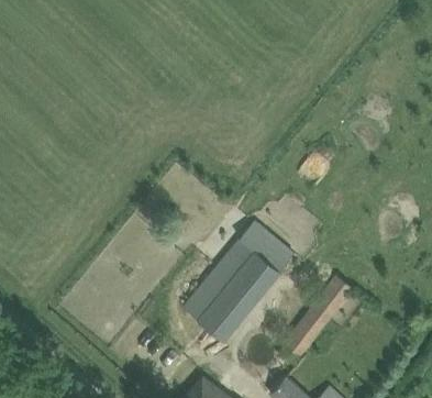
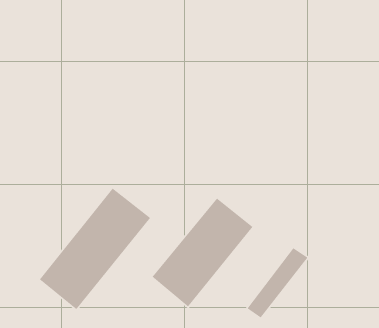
building: none -> [39,187,151,310]

